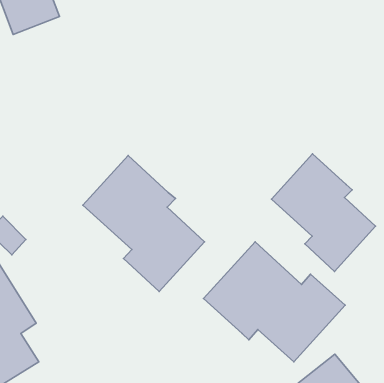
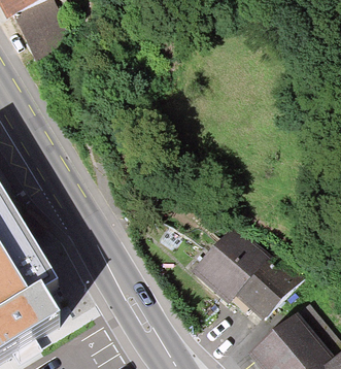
building: [271,154,376,272] -> none
building: [83,155,205,292] -> none

